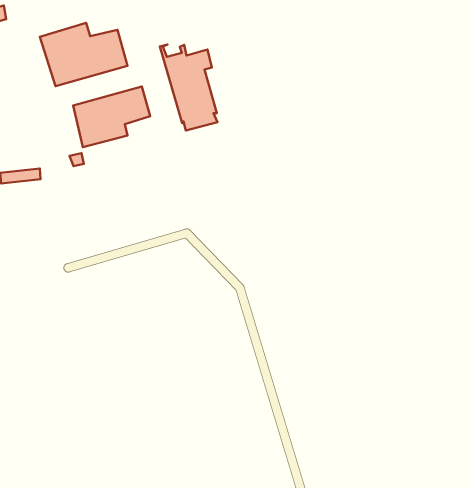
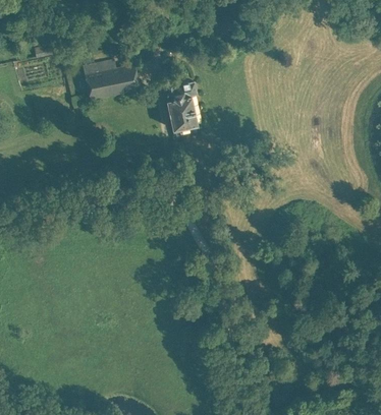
building: [73,87,150,147] -> none

